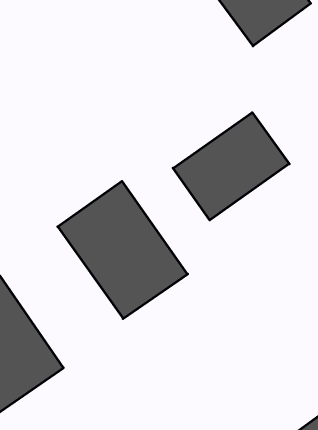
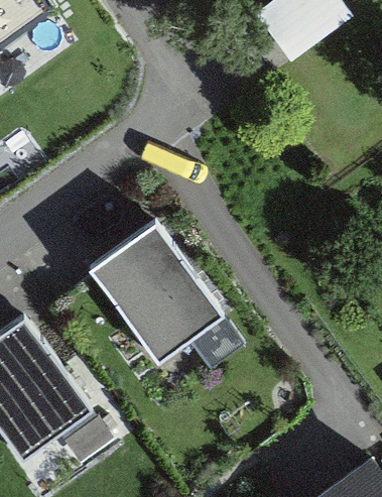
building: [173,113,289,220] -> none

